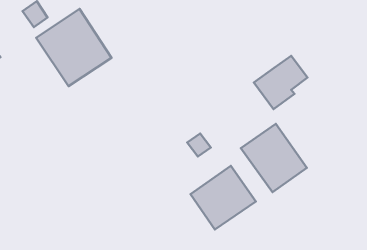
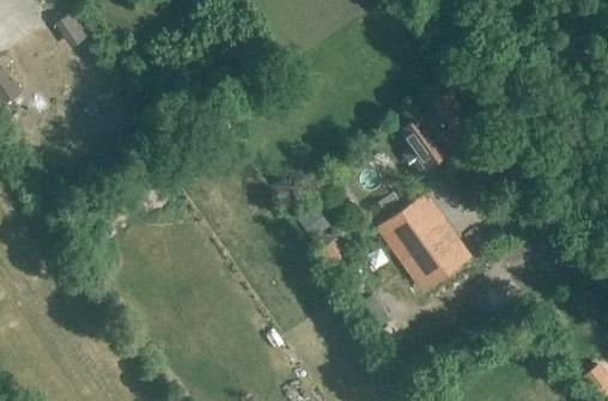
building: [36,9,111,86] -> none
building: [190,166,256,230] -> none

